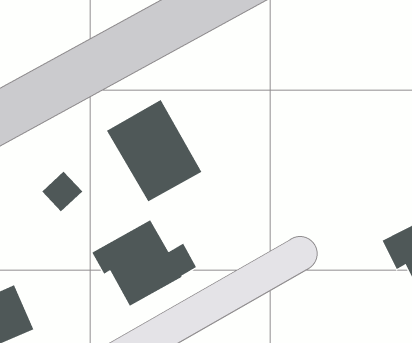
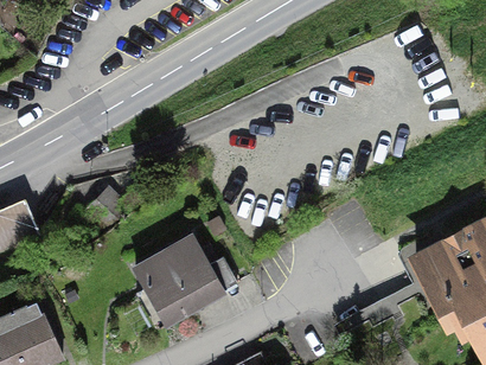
building: [106,99,202,202] -> none

